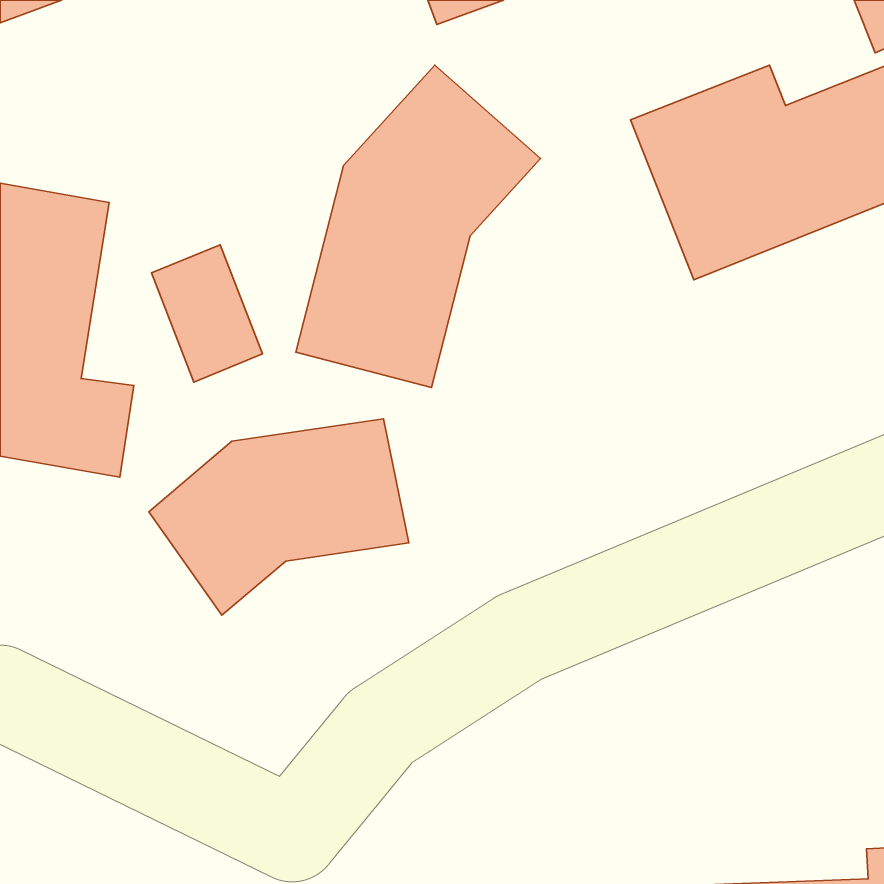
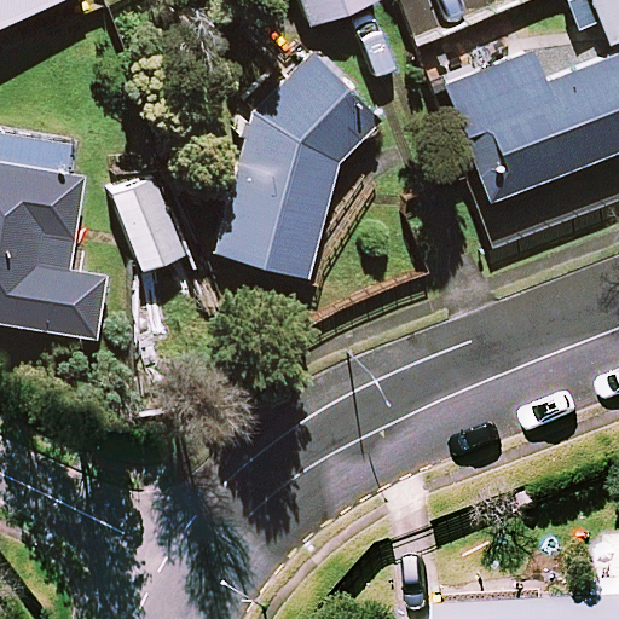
building: [149,419,409,615] -> none

